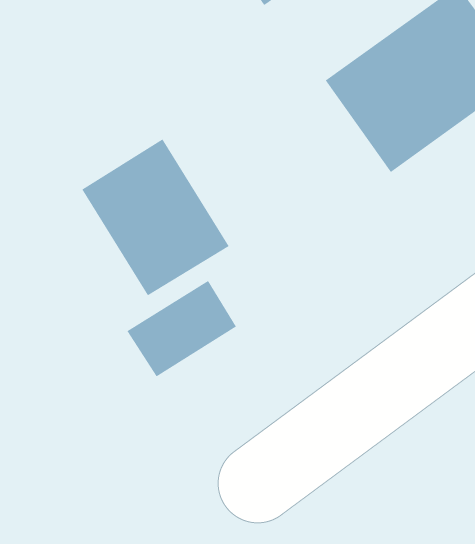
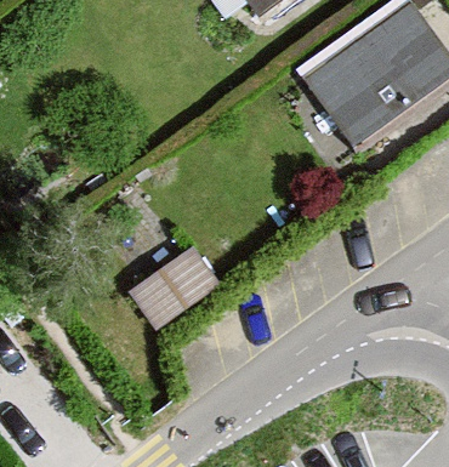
building: [82,138,229,296] -> none

